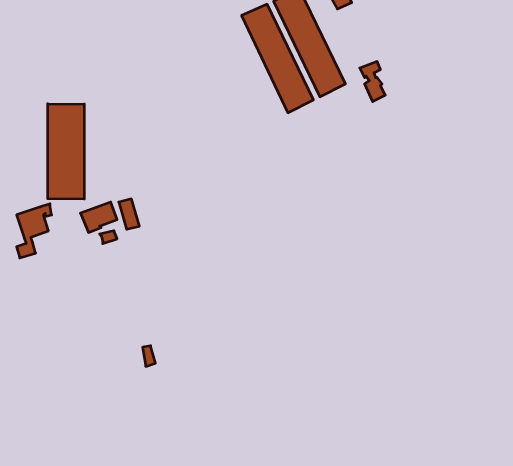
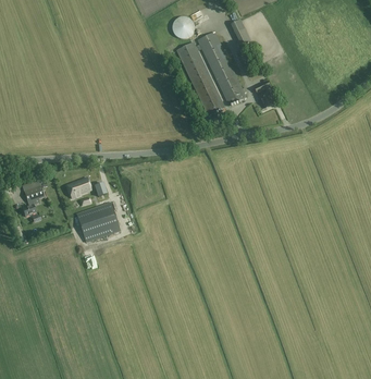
building: [48,104,84,199] -> none
building: none -> [76,200,121,242]

